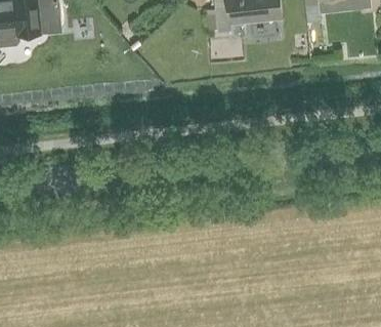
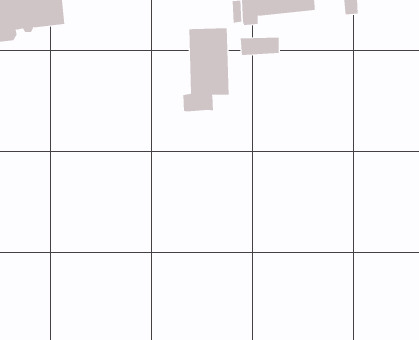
building: none -> [183,27,229,112]

